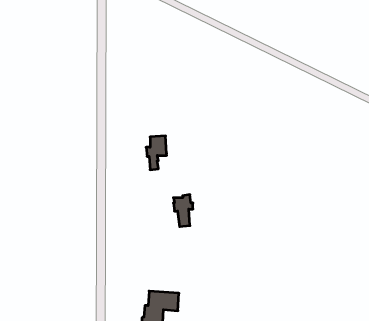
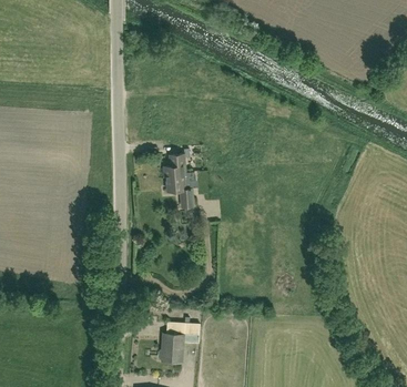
building: [173,195,193,227] -> [175,172,196,206]

